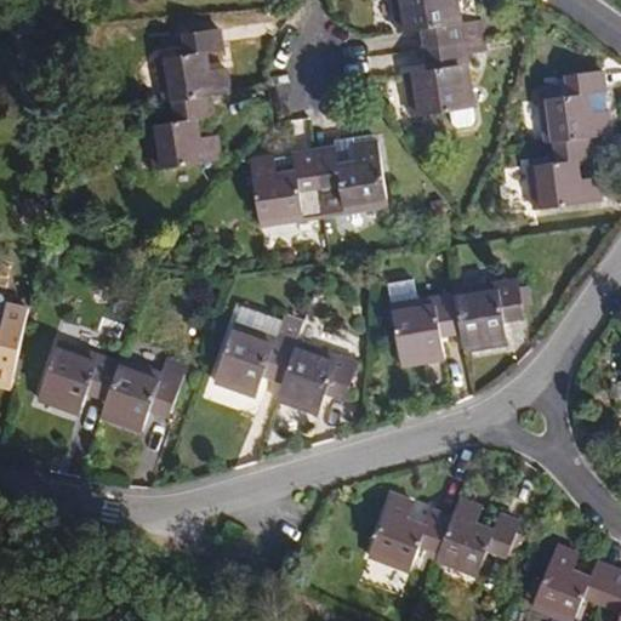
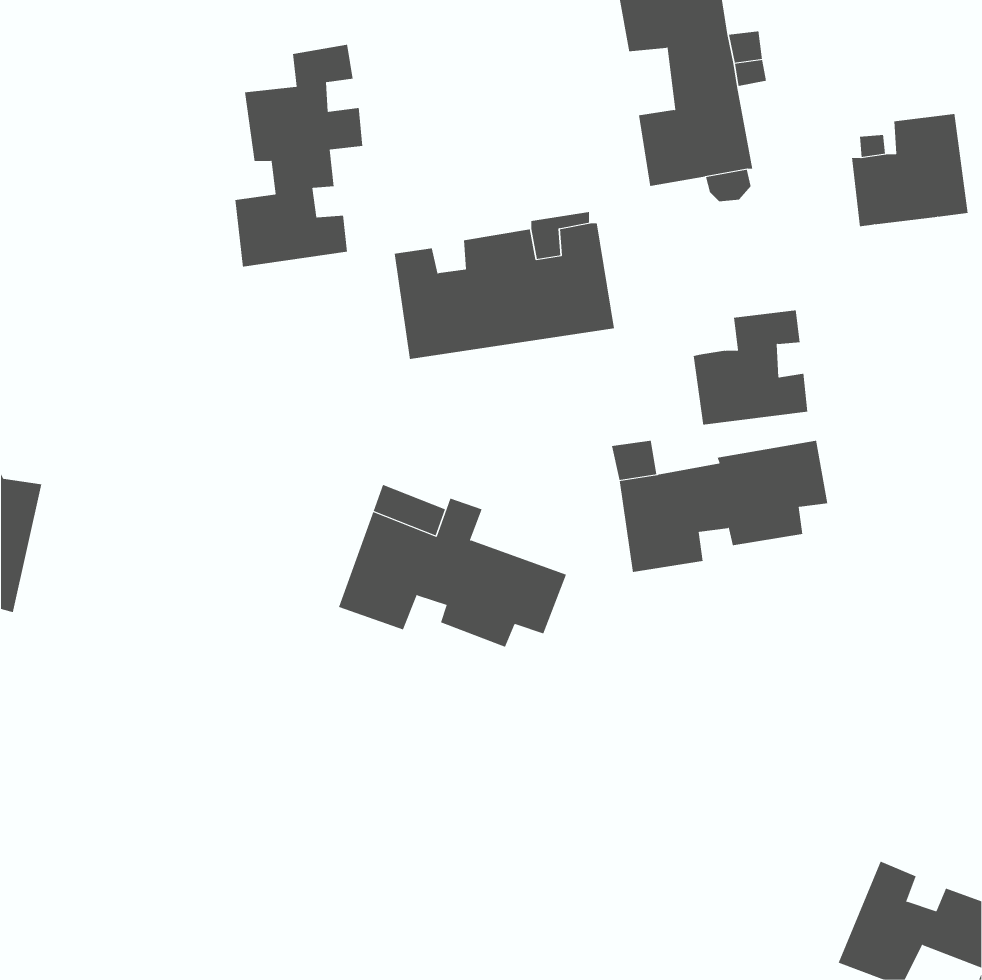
building: [526,137,599,210] -> [693,310,808,425]
building: [38,340,182,428] -> none
building: [368,494,520,577] -> none

